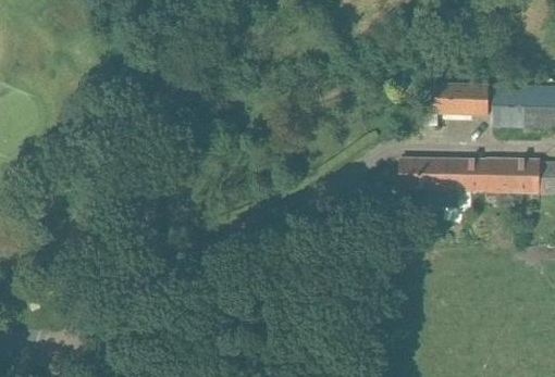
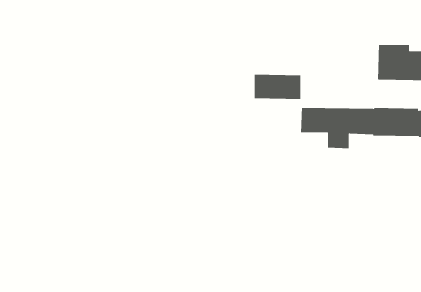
building: [433,84,489,114] -> [254,74,301,100]

